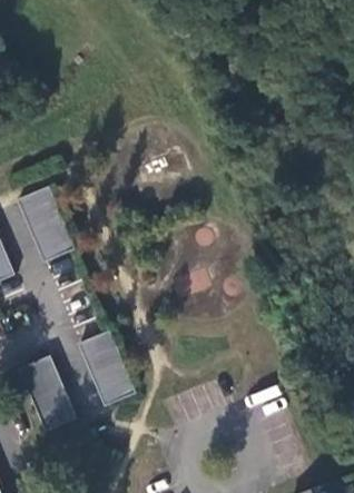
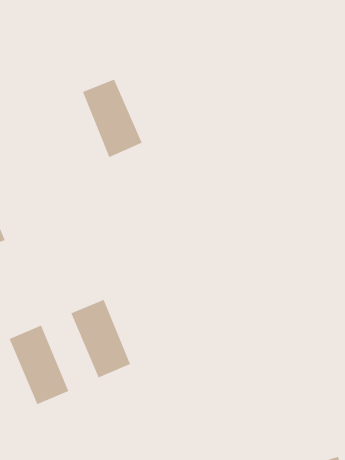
building: [18,187,76,263] -> [82,79,142,158]

